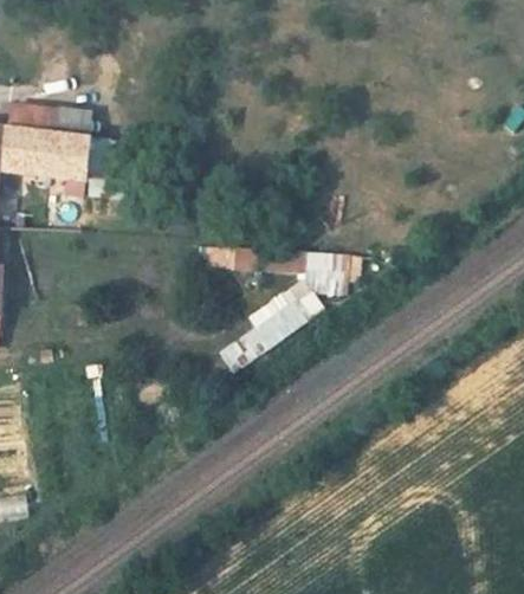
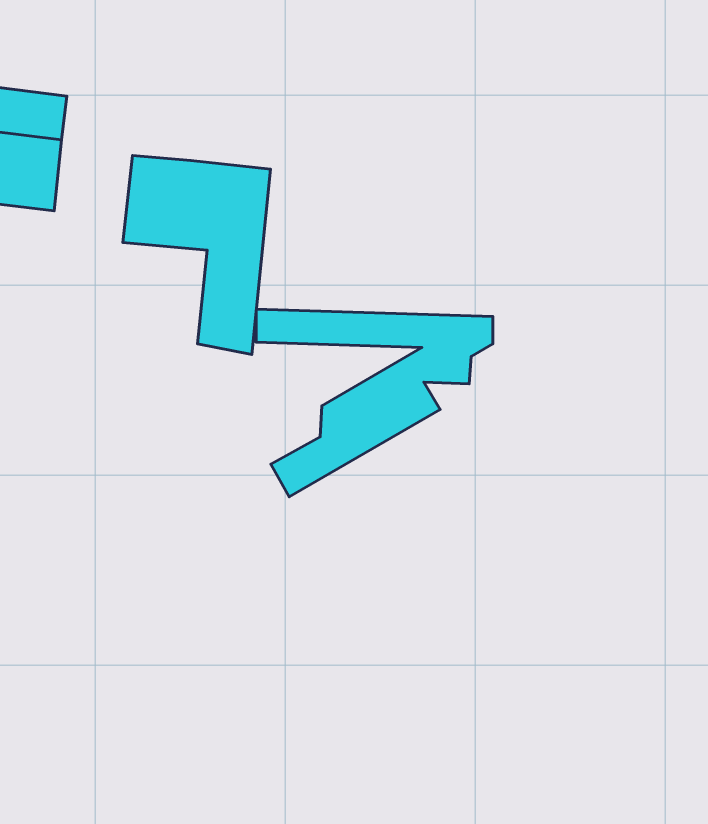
building: none -> [123,155,271,355]

